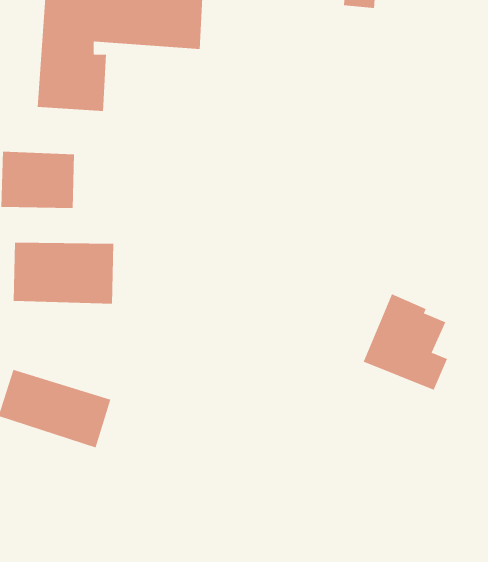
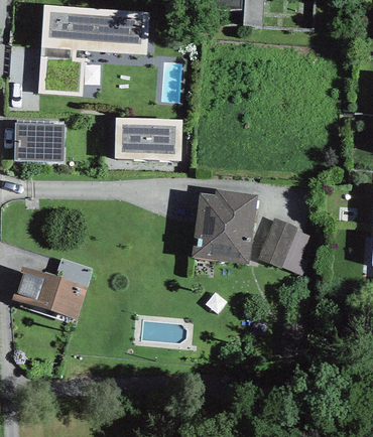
building: [13,242,114,304] -> [114,118,181,159]
building: none -> [193,188,257,263]

